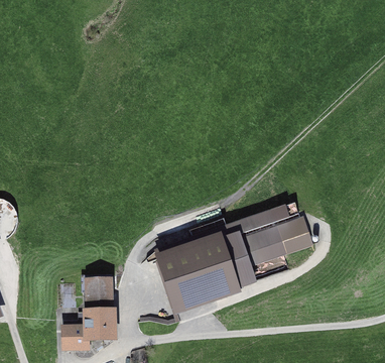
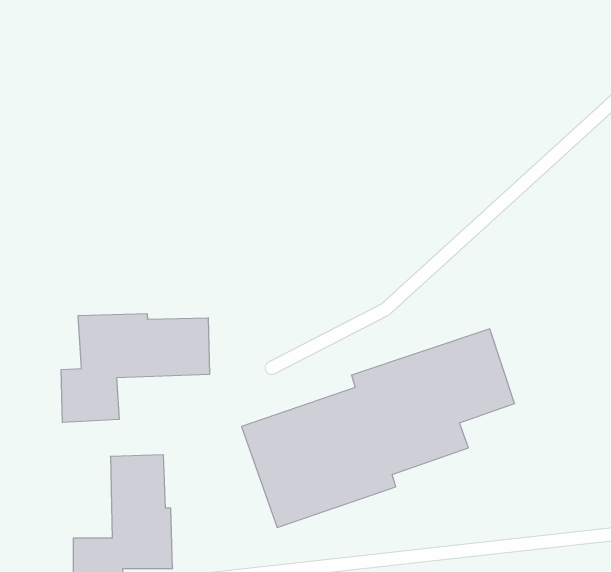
building: none -> [61,314,210,423]

